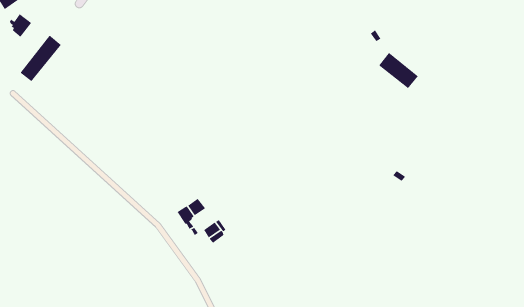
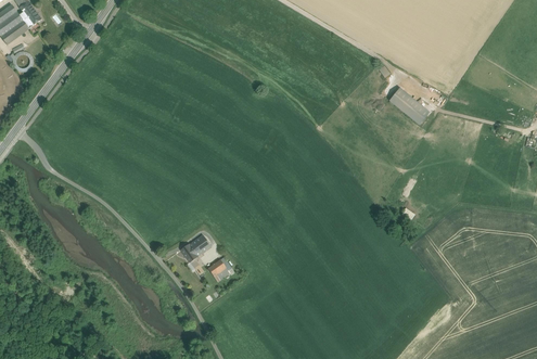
building: [20,35,62,82] -> none

